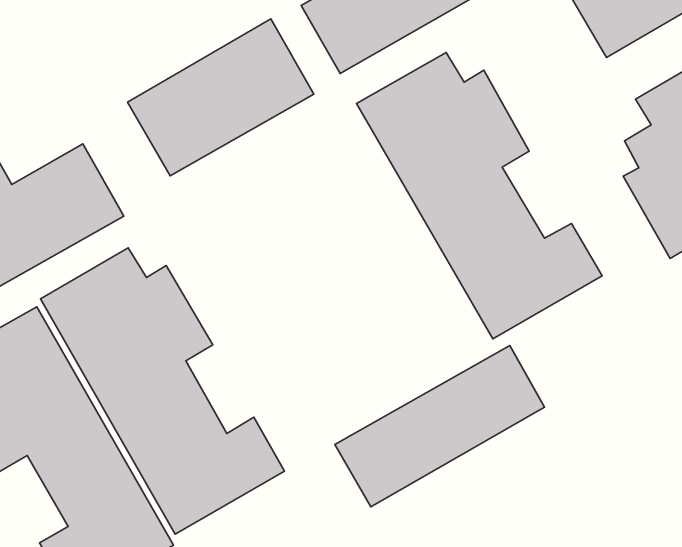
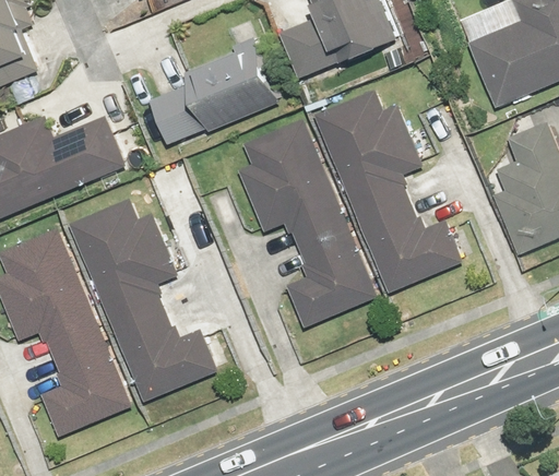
building: none -> [236,117,378,331]
building: [335,346,544,507] -> none

